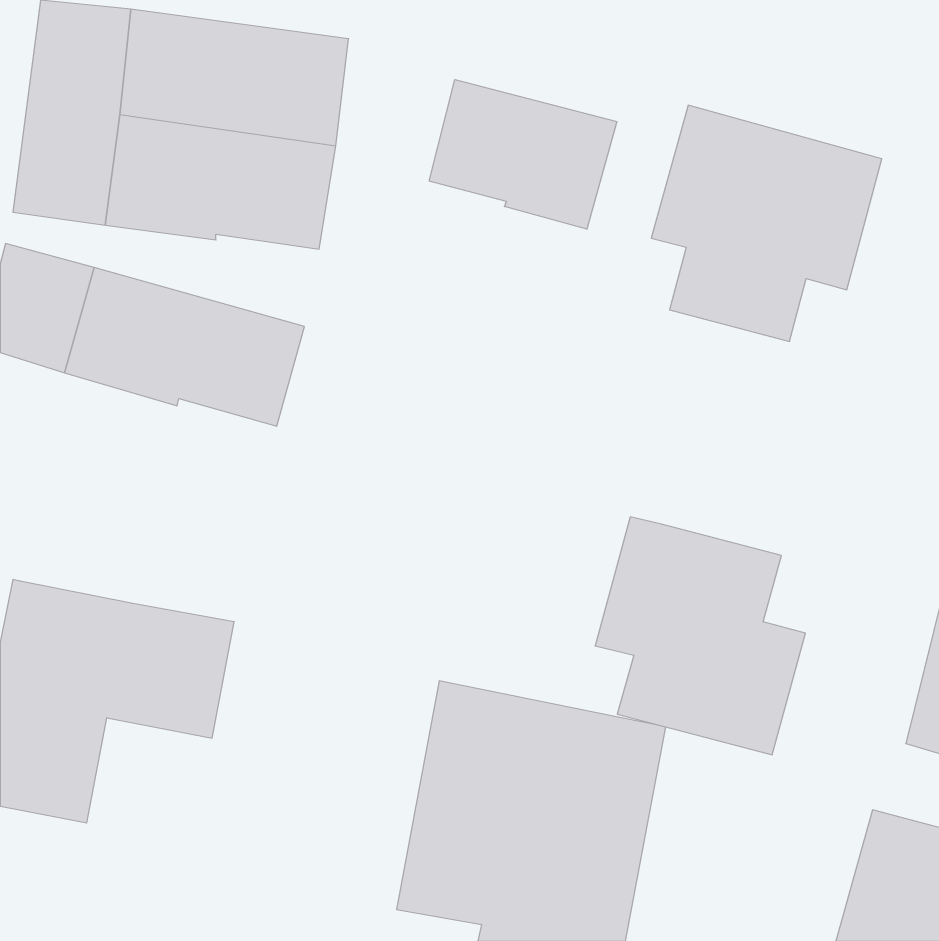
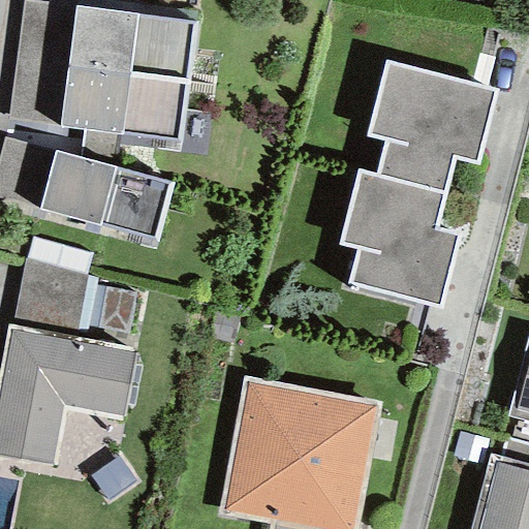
building: [429,80,617,229] -> none
building: none -> [13,258,87,338]
building: [595,517,805,755] -> [340,169,458,303]

